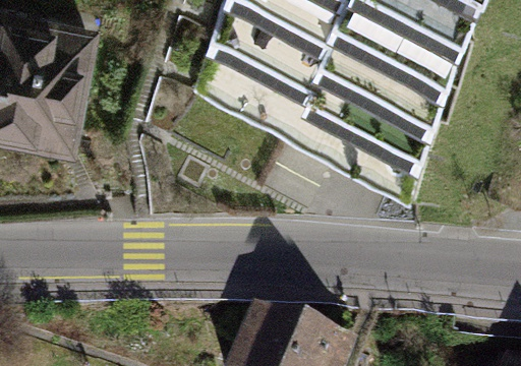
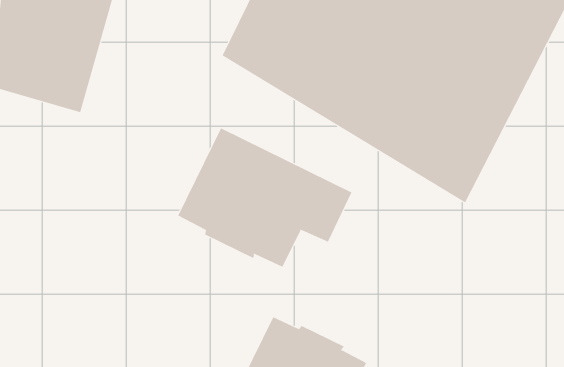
building: none -> [177,127,352,267]

